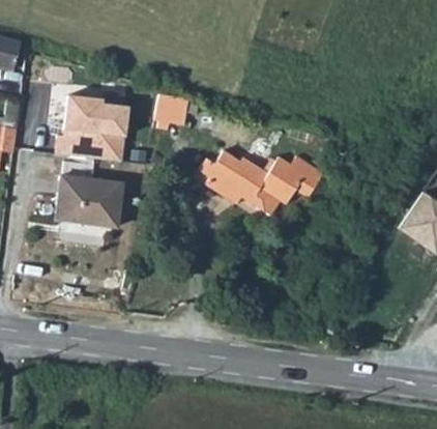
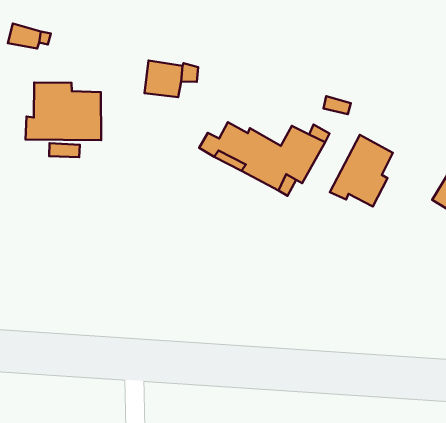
building: none -> [330,135,393,206]
building: [57,177,122,226] -> none

